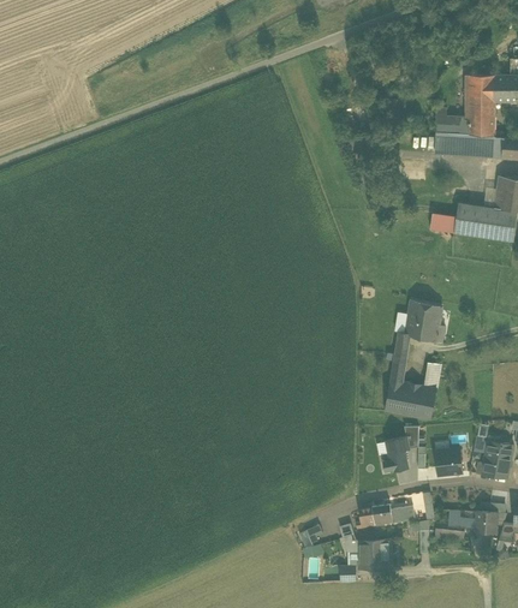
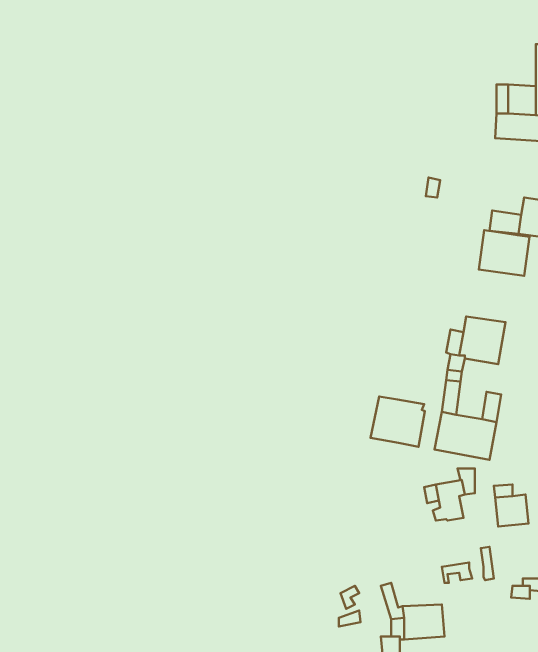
building: none -> [479,230,530,276]
building: none -> [370,396,425,447]
building: [361,505,392,527] -> none

